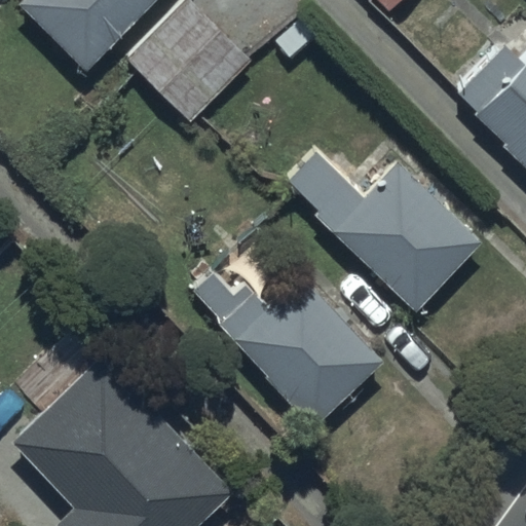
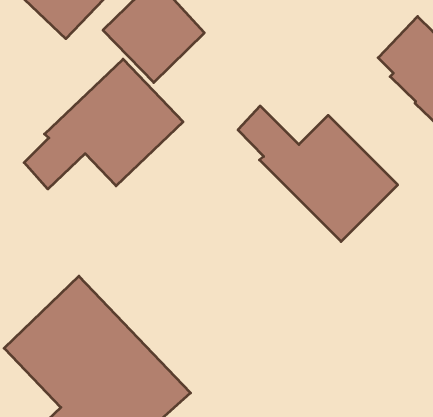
building: none -> [24,59,183,189]
building: [193,241,384,427] -> none

